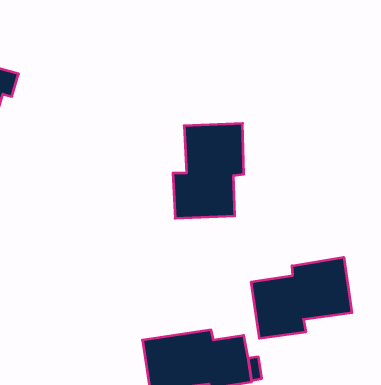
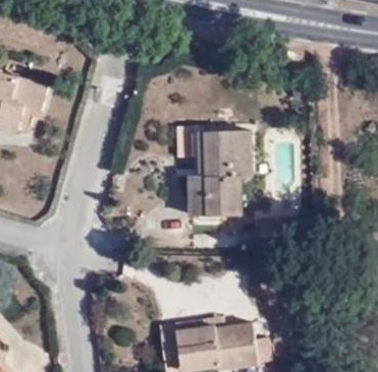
building: [251,257,352,338] -> none

